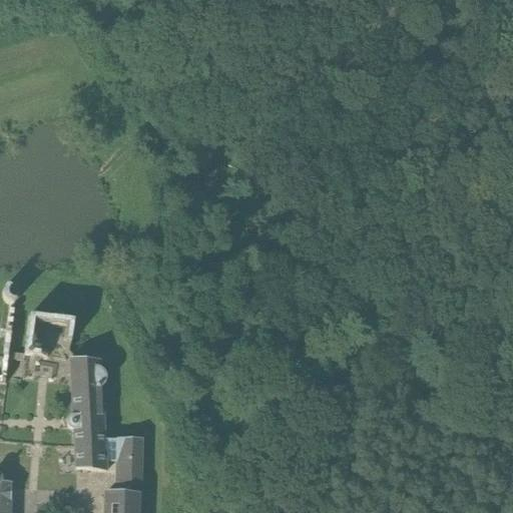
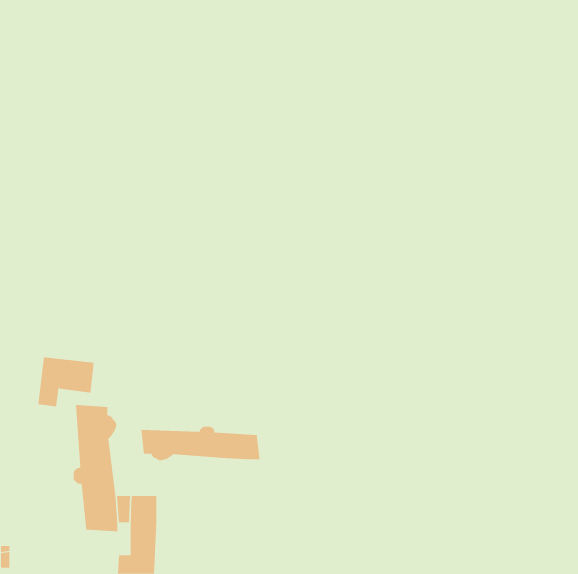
building: none -> [141,426,260,461]

